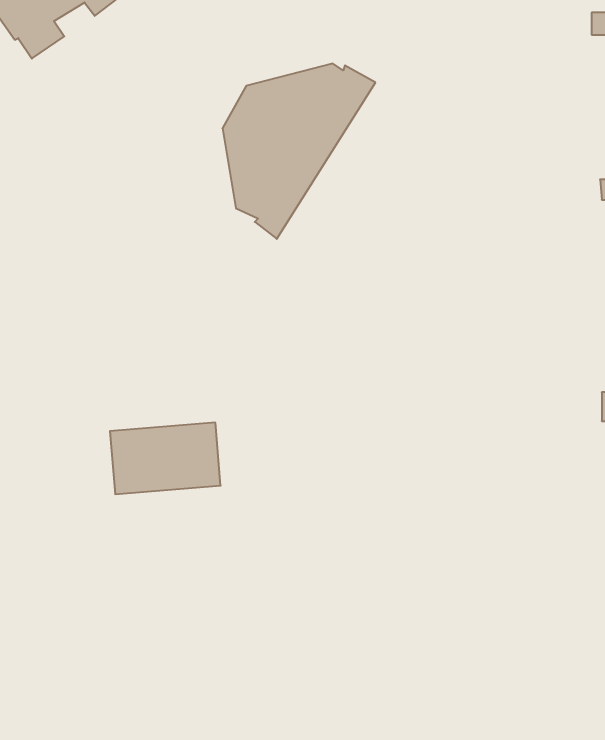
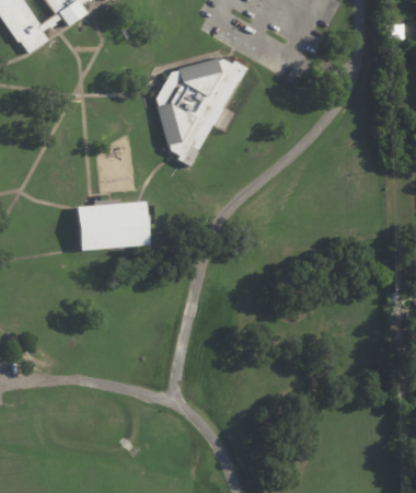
building: [110,423,221,494] -> [74,199,146,245]

